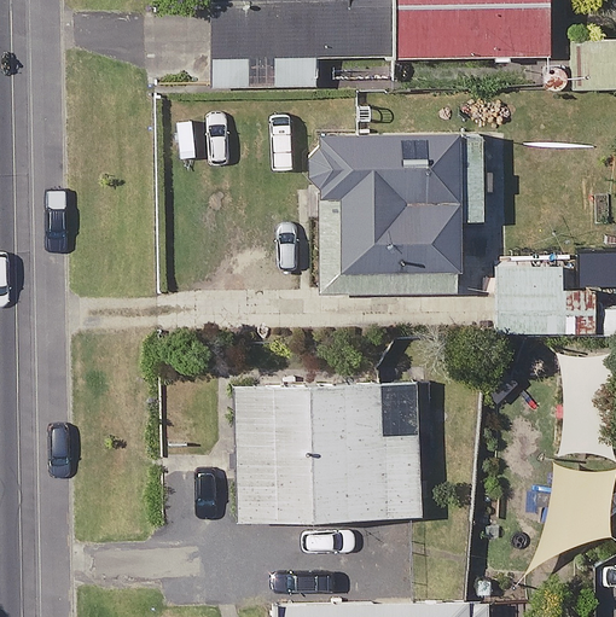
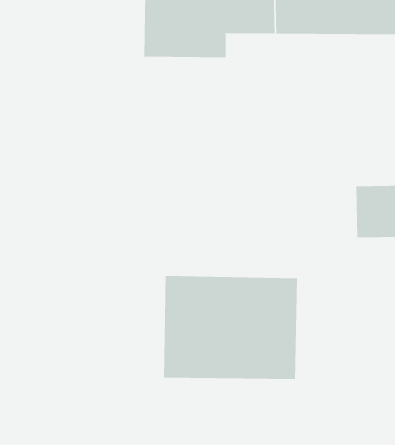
building: [314,133,483,292] -> none

